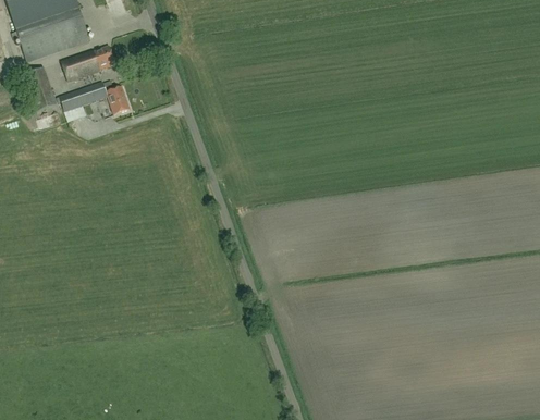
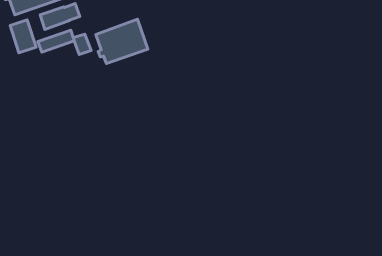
building: none -> [96,19,148,64]

